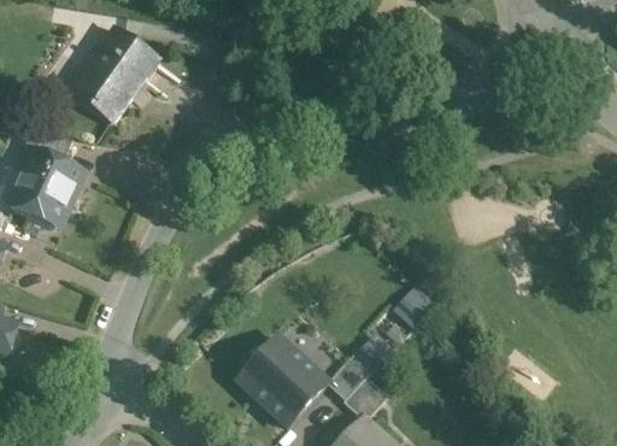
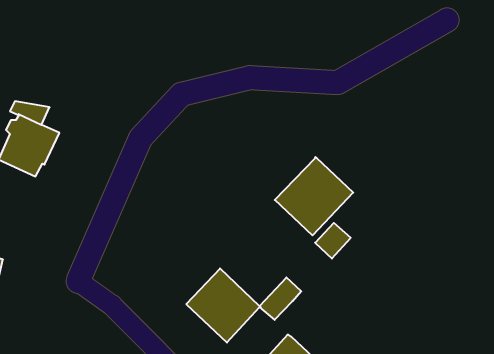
building: [69,28,159,123] -> none
building: none -> [275,157,353,235]
building: [343,375,387,418] -> none

